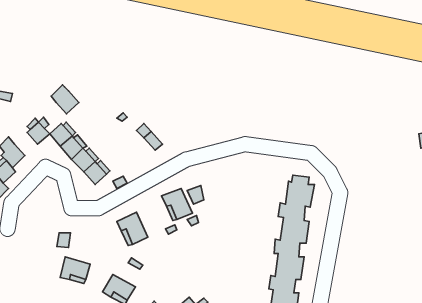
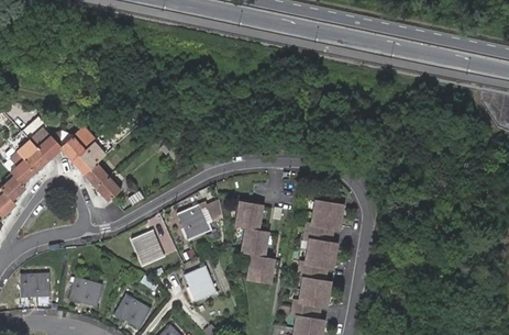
building: [51,85,79,114] -> [16,139,46,170]
building: none -> [236,201,273,283]
building: none -> [182,266,217,303]
building: none -> [21,275,52,298]

